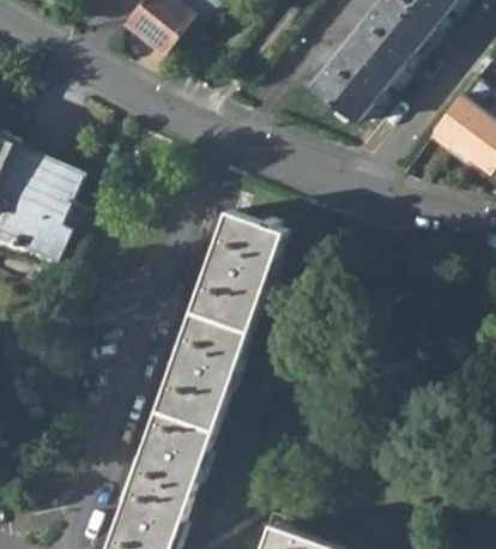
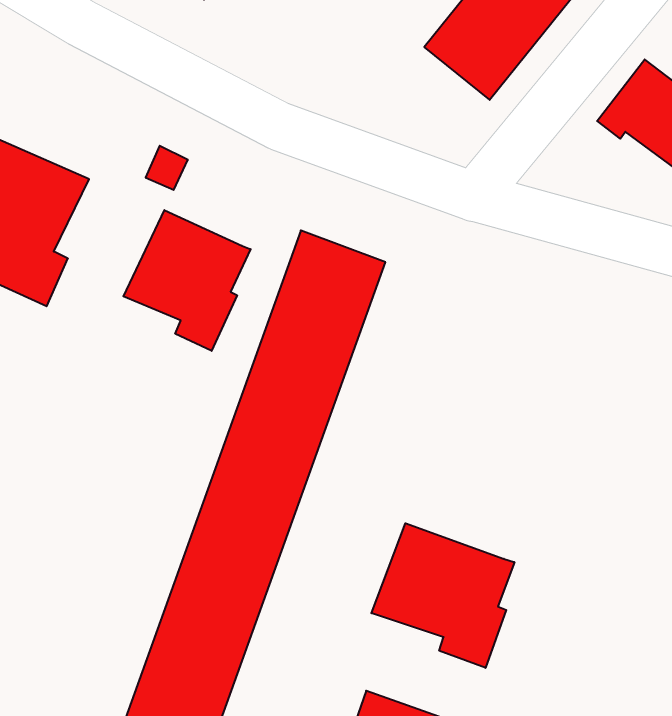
building: none -> [123,210,251,351]
building: none -> [371,523,514,668]

